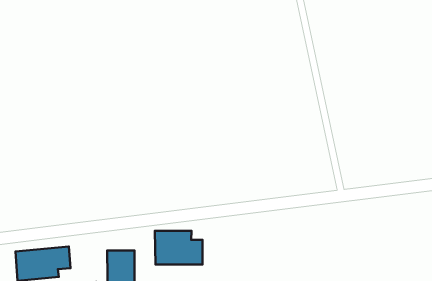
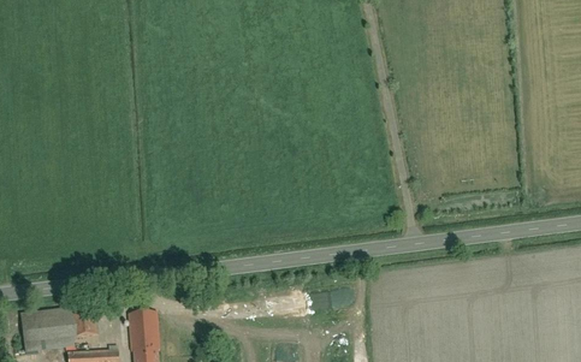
building: [155,231,202,265] -> none

